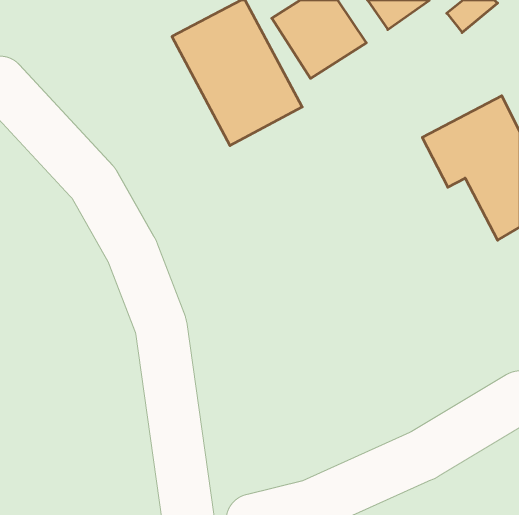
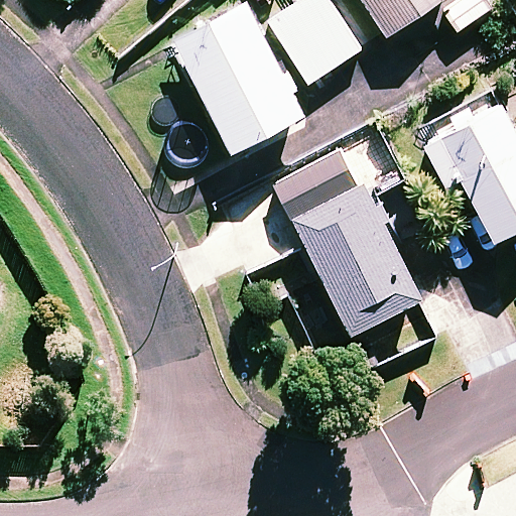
building: none -> [283,148,420,330]

